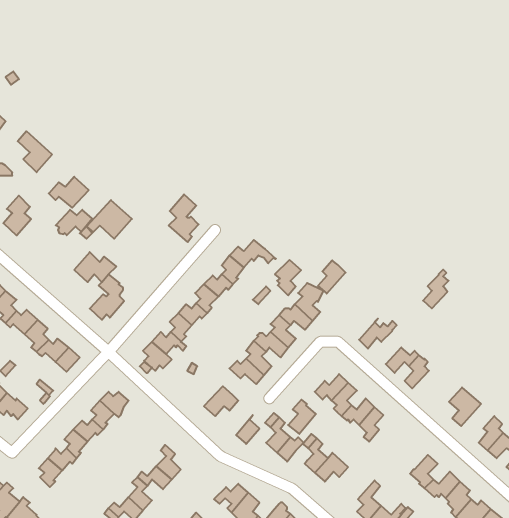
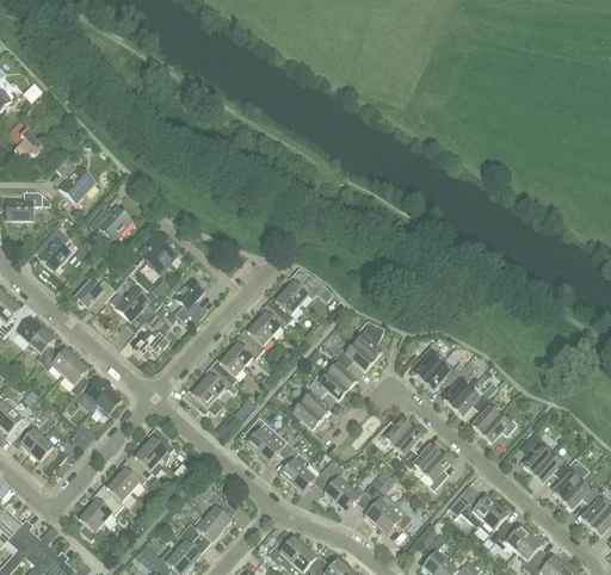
building: [169,194,199,242] -> [173,279,205,330]
building: [56,210,92,235] -> [74,279,113,307]
building: [275,260,301,295] -> none
building: [318,260,346,294] -> [413,345,443,381]
building: [423,270,449,308] -> [442,365,469,407]
building: none -> [480,412,517,443]
building: none -> [245,415,276,452]
building: [288,400,316,434] -> [278,446,308,483]
building: none -> [532,450,568,482]
building: none -> [446,483,496,526]

